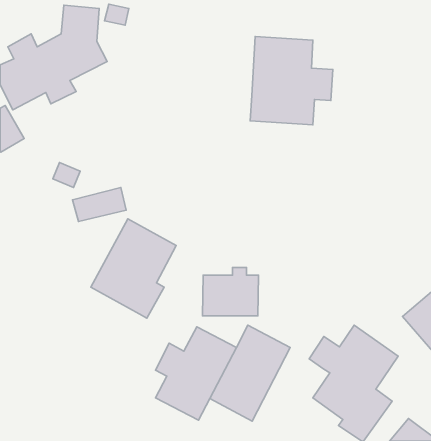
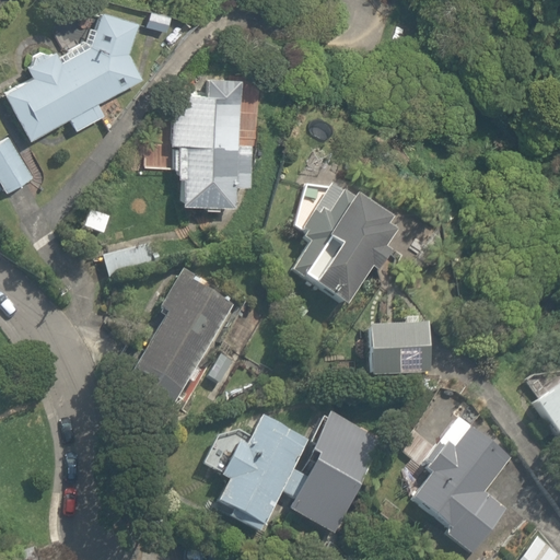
building: [250,36,333,125] -> none
building: none -> [172,83,259,210]
building: none -> [290,185,399,305]
building: [202,267,259,316] -> [363,313,434,374]

